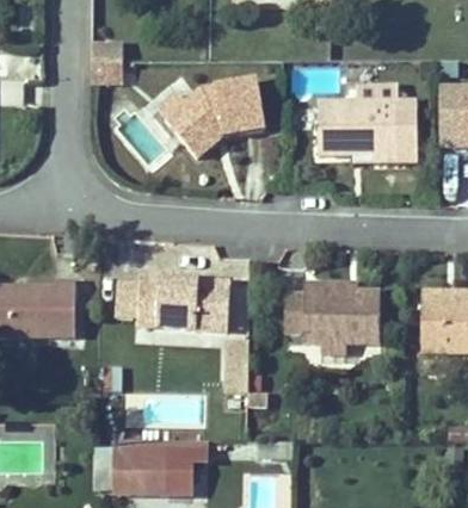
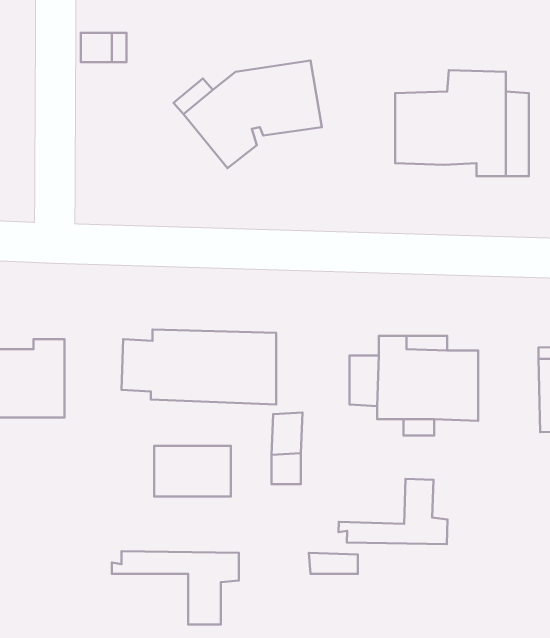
building: none -> [339,479,448,544]
building: [111,454,167,491] -> [154,446,231,496]

